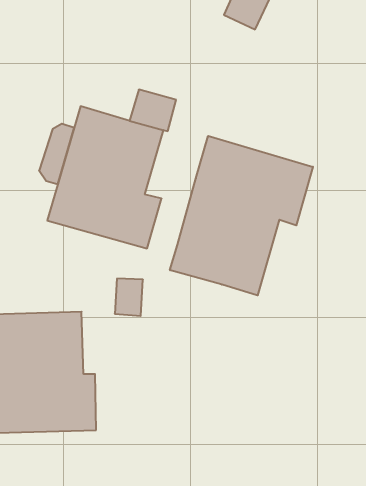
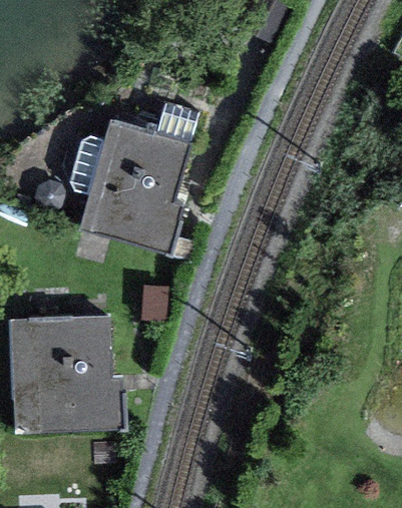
building: [170,136,313,295] -> none

